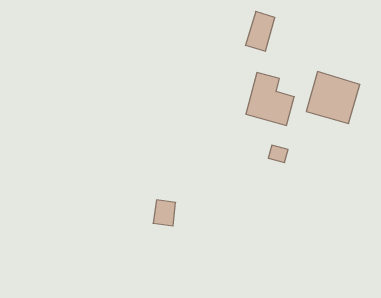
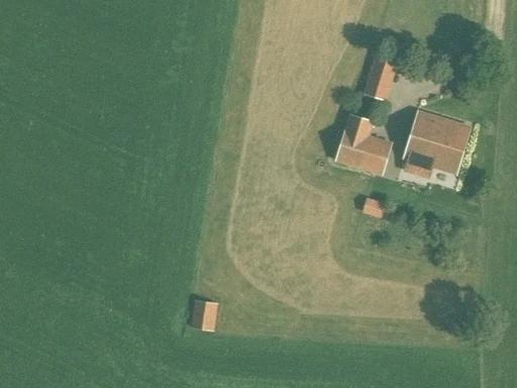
building: [245,11,275,51] -> [364,54,398,100]
building: [153,200,176,226] -> [191,300,217,330]

